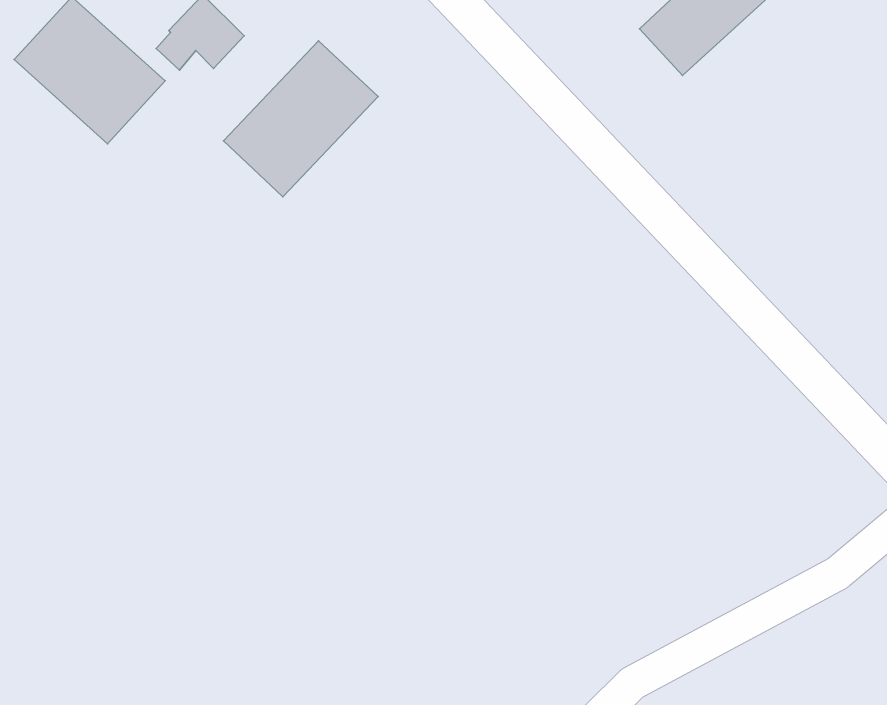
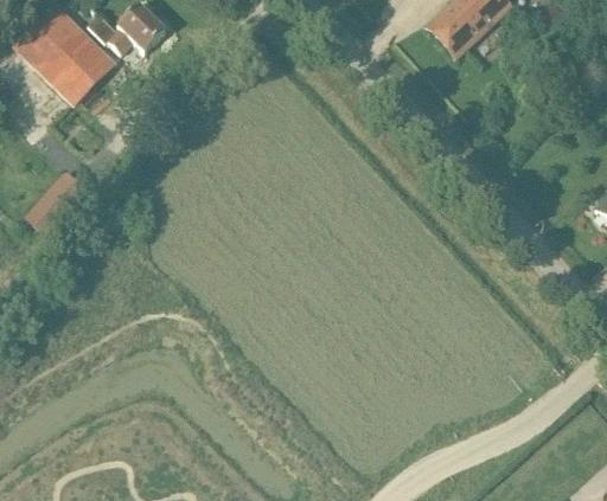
building: [223,41,378,197] -> none

